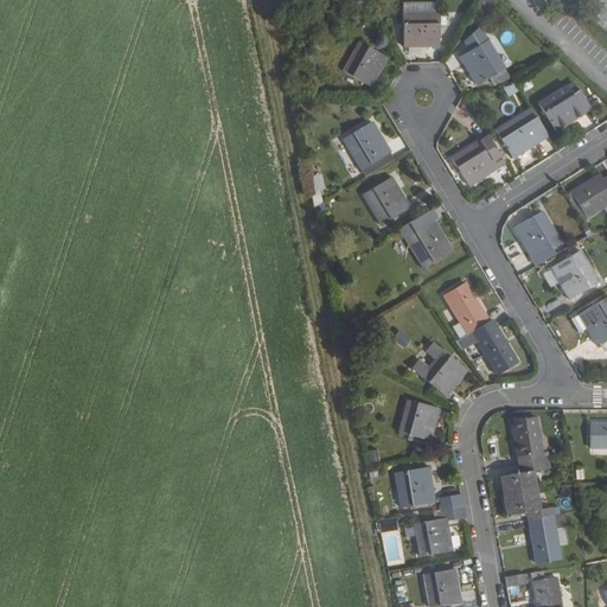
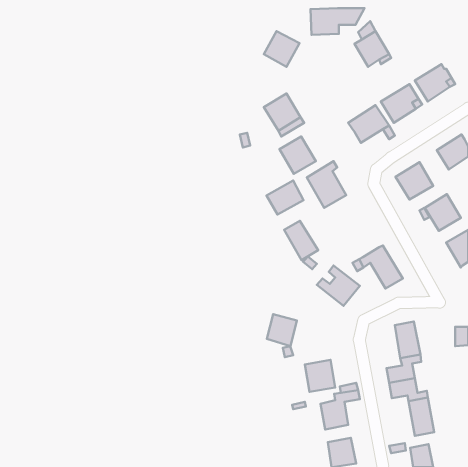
building: none -> [267,180,303,215]
building: [447,282,491,333] -> [284,221,318,260]
building: [400,400,439,441] -> [267,314,297,346]

